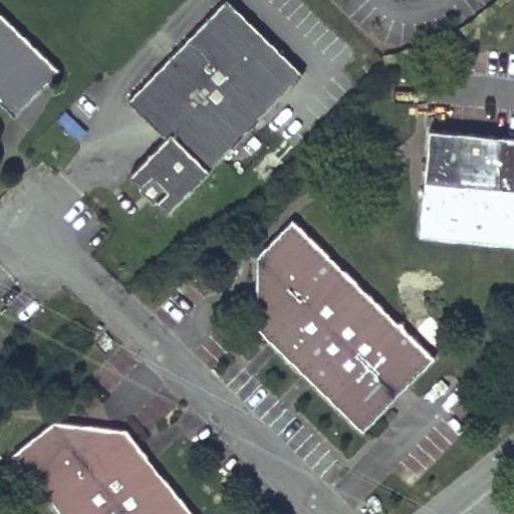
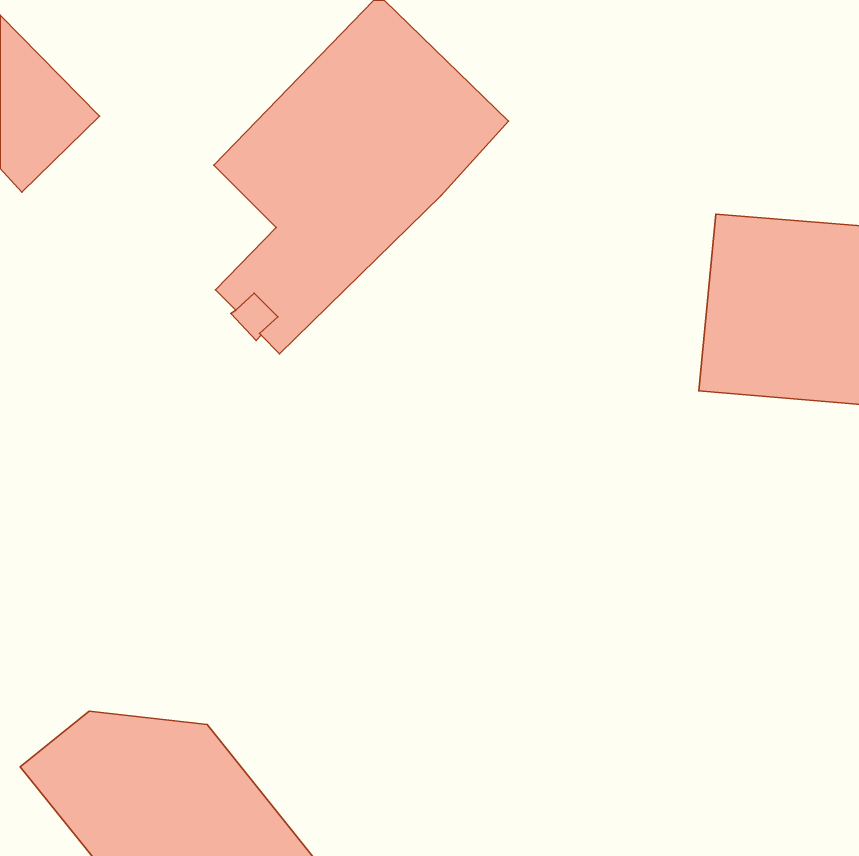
building: [256,223,436,437] -> none

